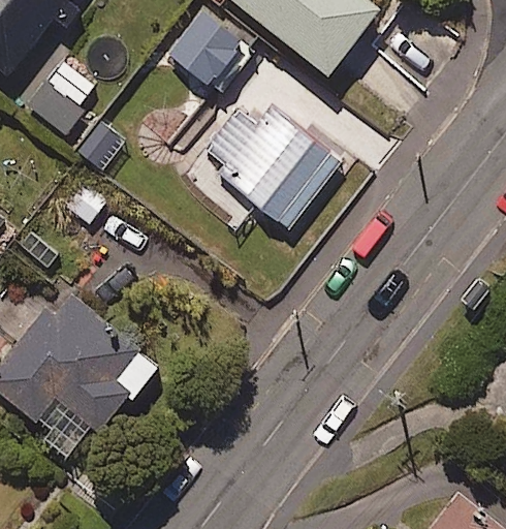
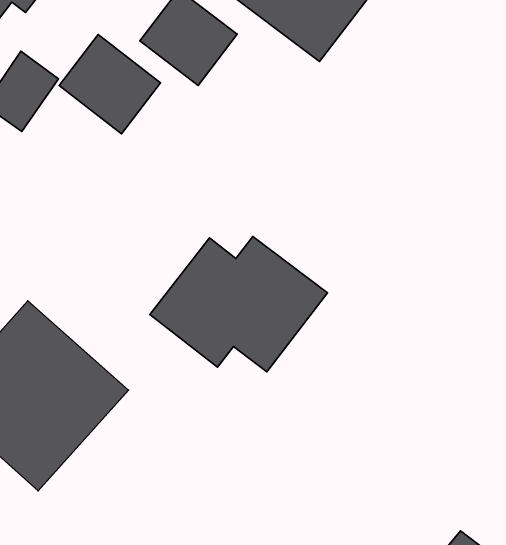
building: none -> [59,35,161,134]
building: [181,106,341,228] -> [150,237,327,372]

